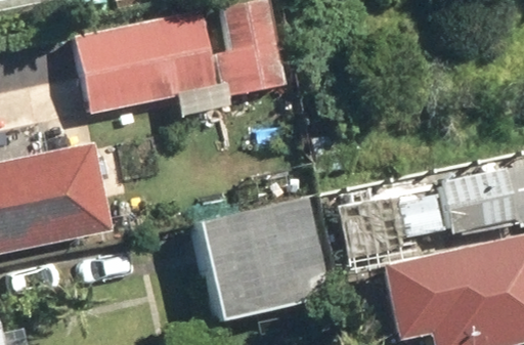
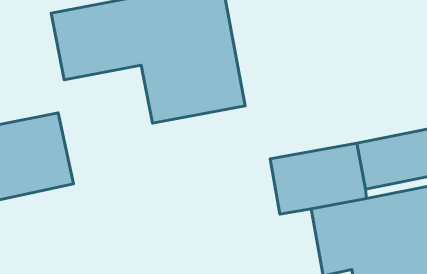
building: [195,192,328,327] -> none

